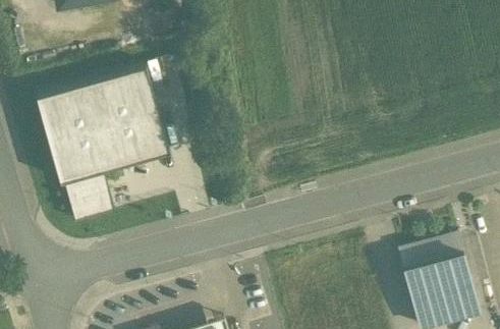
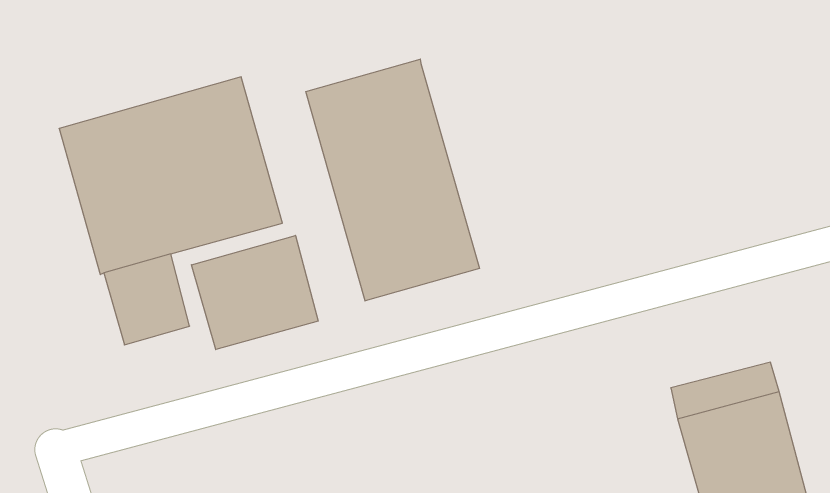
building: none -> [306,59,480,301]
building: none -> [191,235,318,350]

